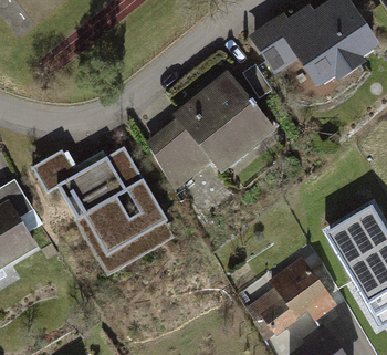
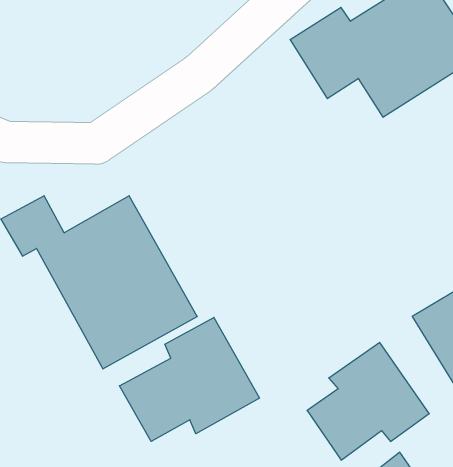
building: [148,70,278,186] -> none
building: none -> [119,317,259,441]

